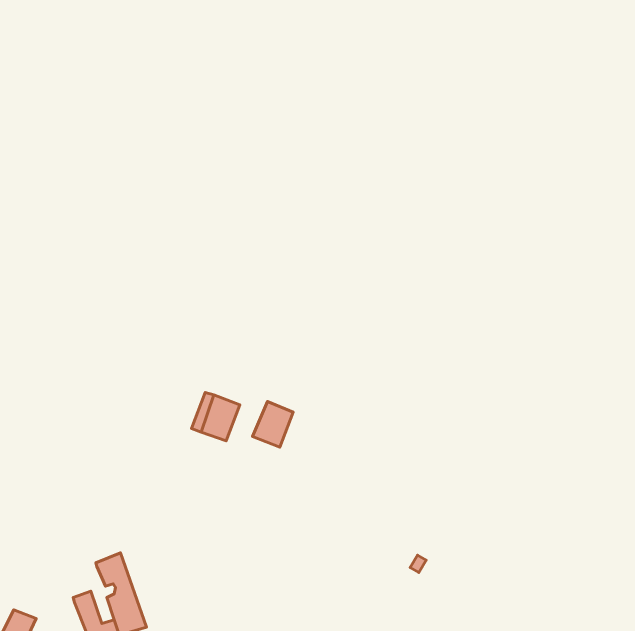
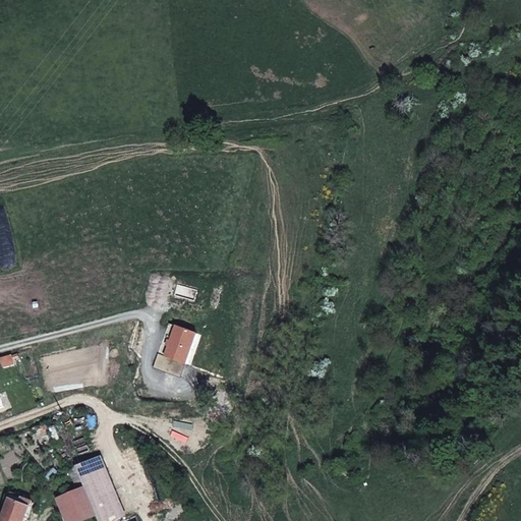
building: [252,402,293,447] -> none
building: none -> [74,481,95,514]

